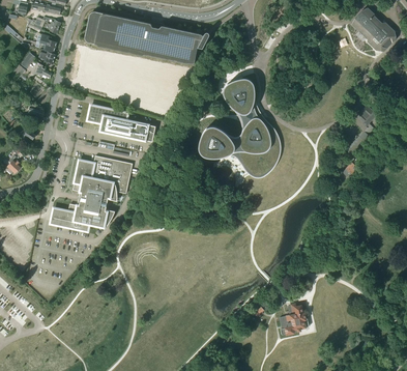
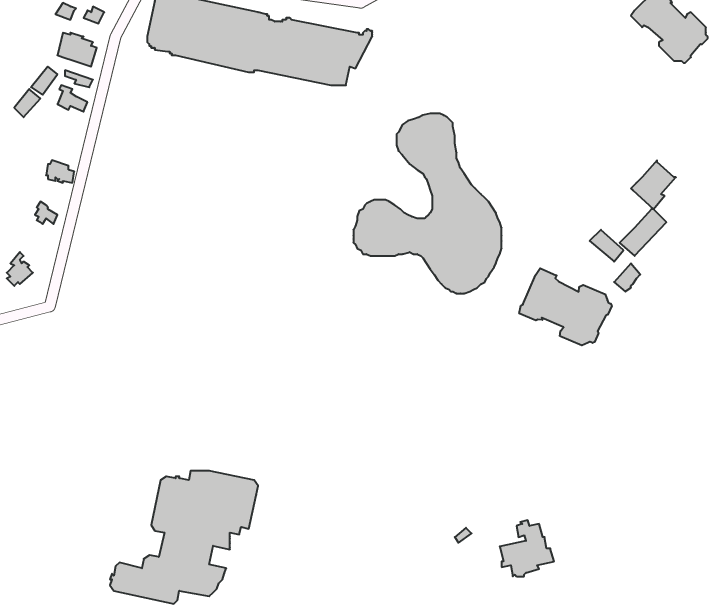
building: [87,104,154,141] -> none
building: [50,156,132,230] -> [110,471,258,604]
building: none -> [519,268,612,345]

